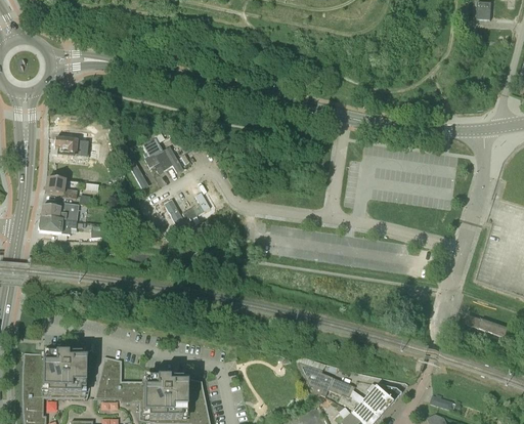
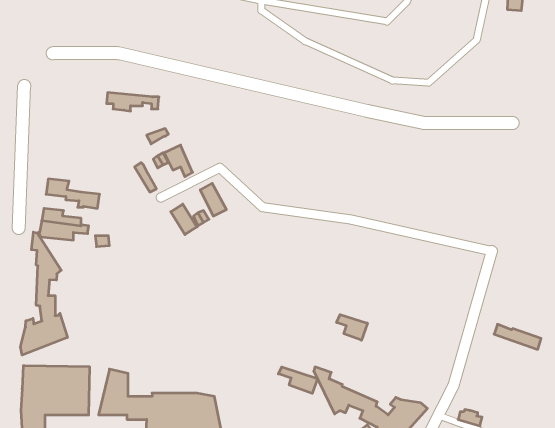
building: [53,138,102,156] -> [107,93,159,111]
building: none -> [21,232,67,355]
building: none -> [337,315,367,340]
building: none -> [278,367,317,393]

